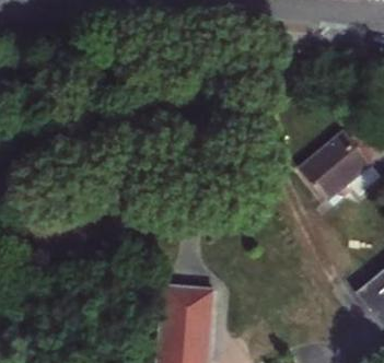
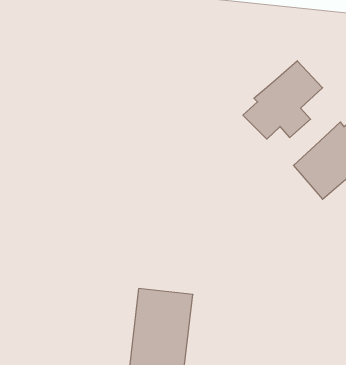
building: none -> [243,61,323,139]

